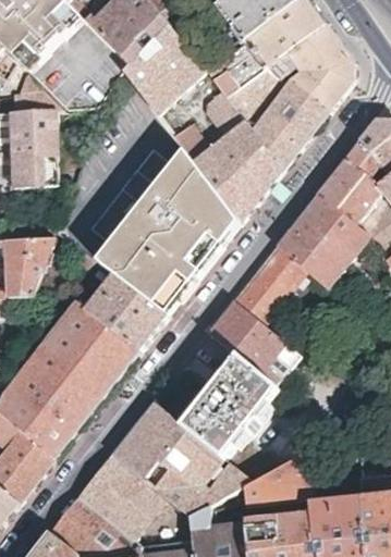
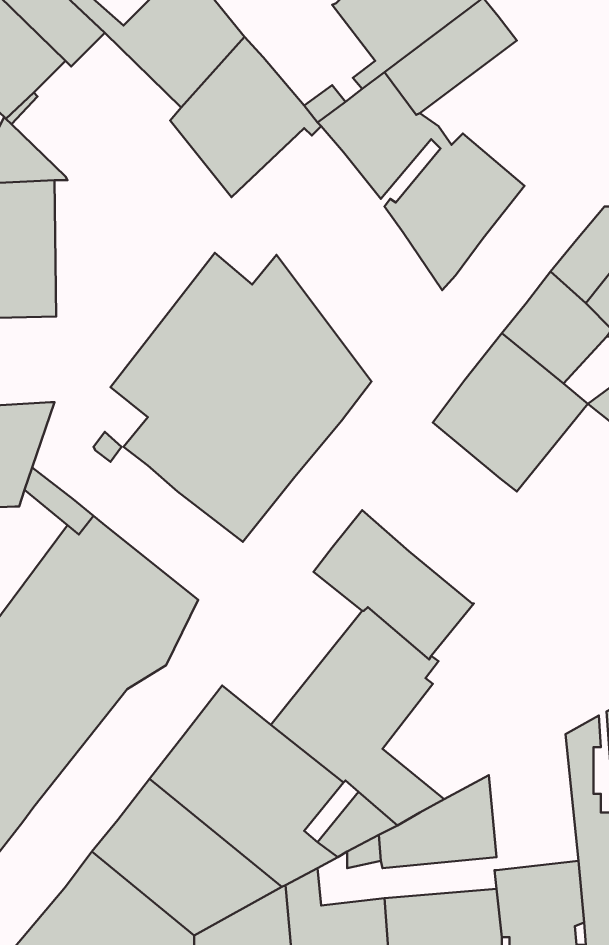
building: [269,25,353,110] -> none
building: [175,90,282,224] -> none
building: [235,248,316,323] -> none
building: [84,273,166,351] -> none

